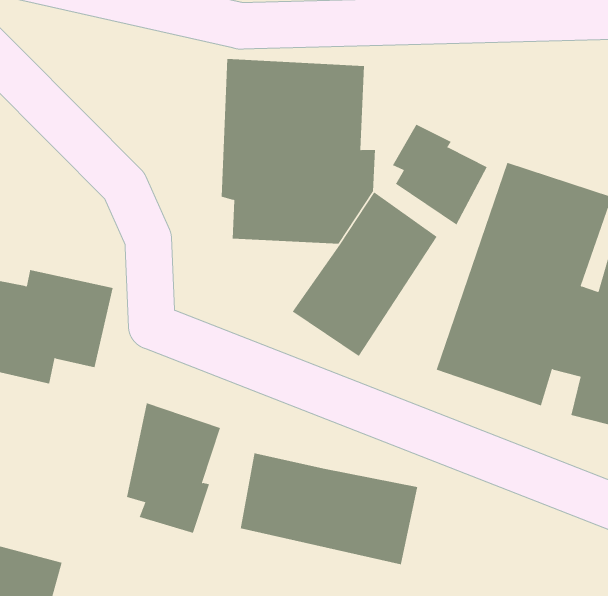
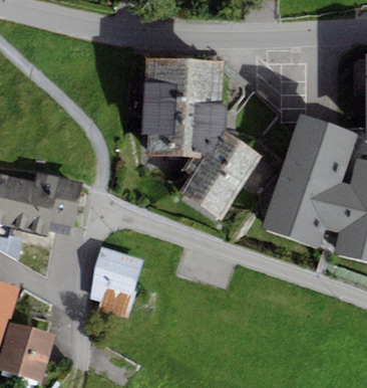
building: [392,124,487,226] -> none
building: [240,452,418,565] -> none

